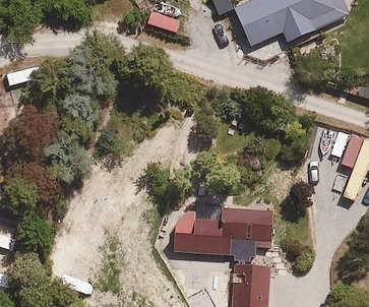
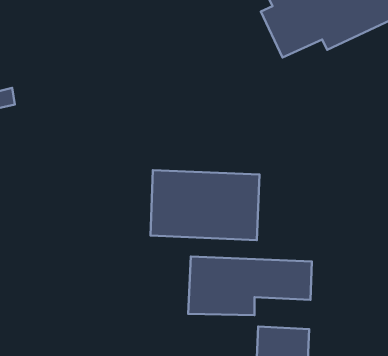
building: none -> [150,170,259,240]

